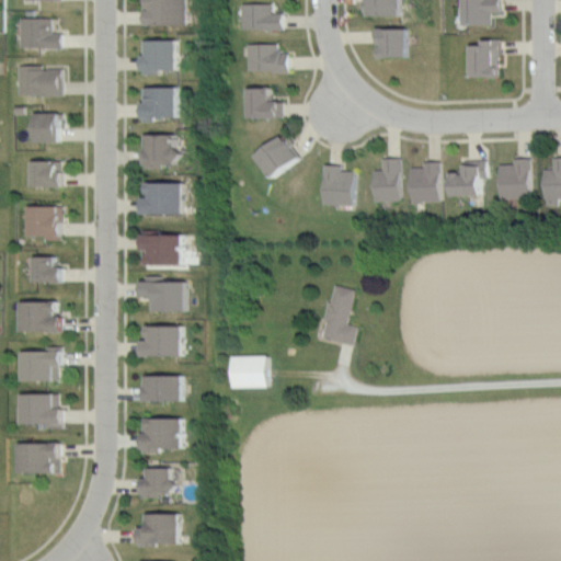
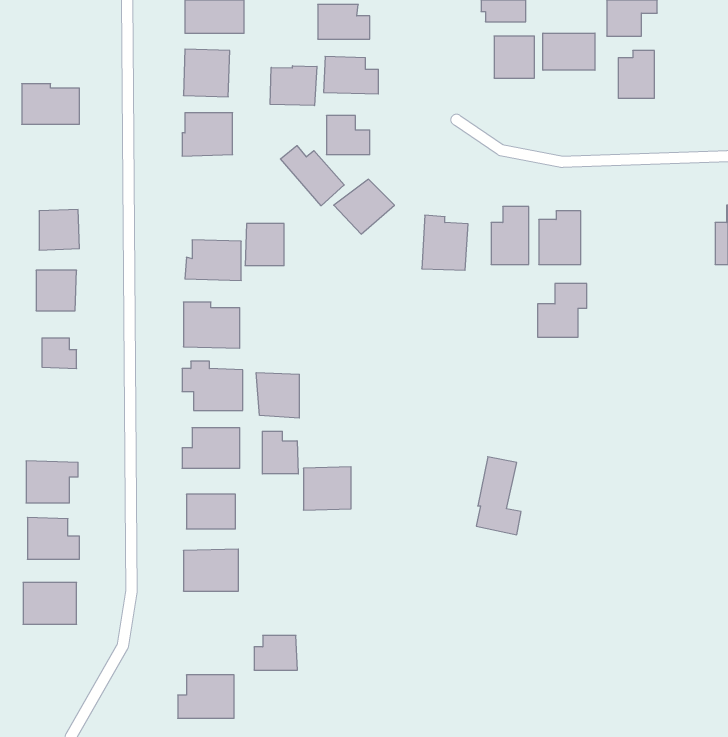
building: [18,18,60,48] -> none
building: none -> [543,33,595,70]
building: none -> [270,66,317,106]
building: none -> [280,146,344,206]
building: [33,113,60,141] -> none
building: [142,135,172,167] -> [245,224,284,266]
building: [496,158,530,197] -> none
building: [448,159,485,199] -> [538,284,587,337]
building: none -> [256,373,299,418]
building: [320,285,354,344] -> [476,457,521,535]
building: [19,301,60,331] -> none
building: none -> [262,431,298,474]
building: [138,468,171,494] -> [254,635,297,670]

